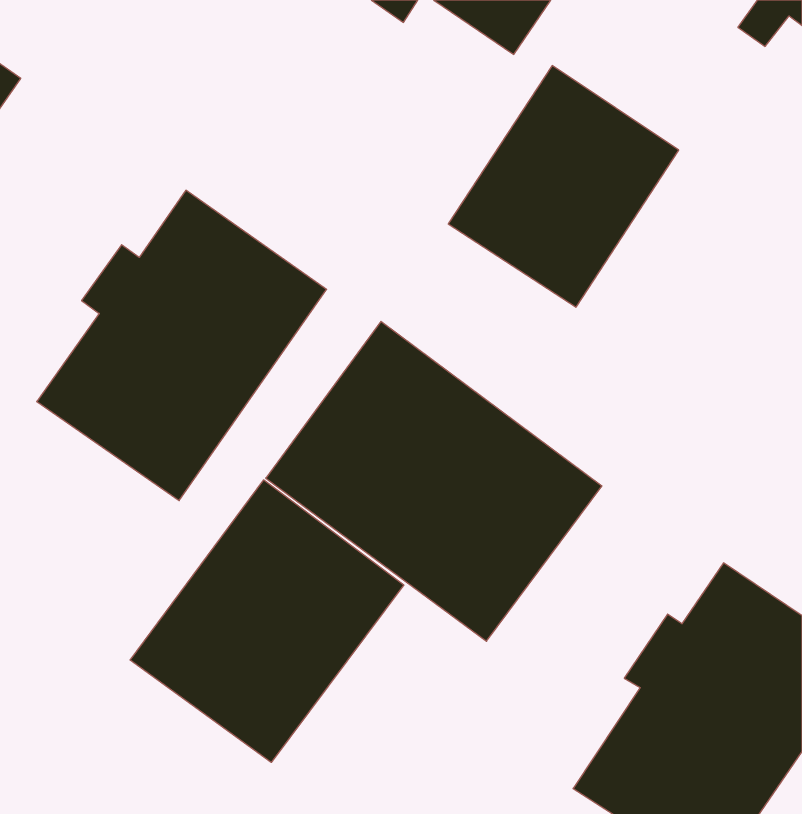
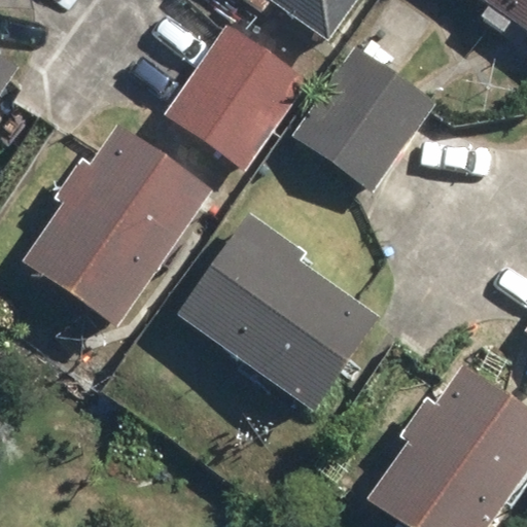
building: none -> [167,20,310,166]
building: [130,480,404,762] -> none

